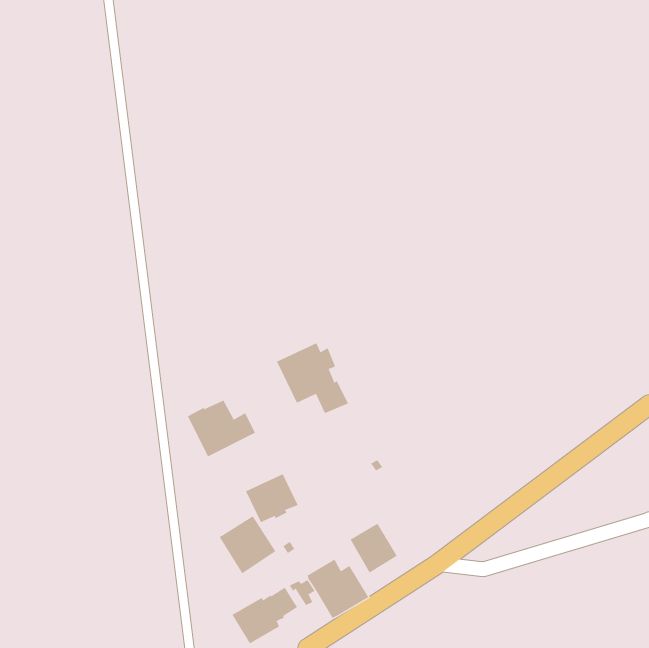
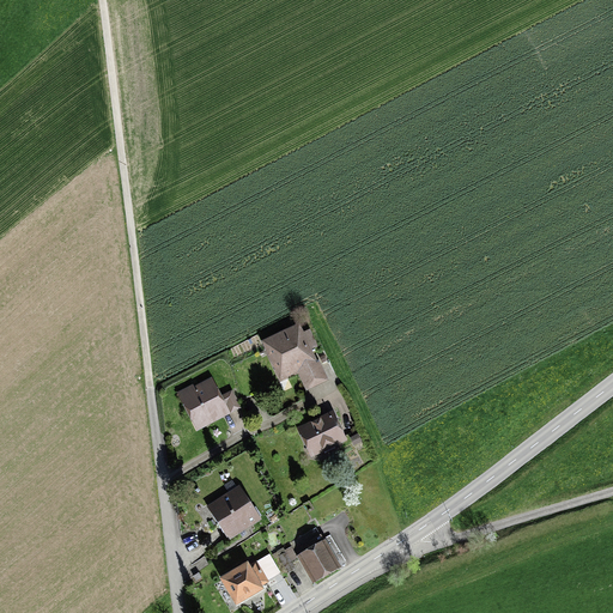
building: [245,473,299,523] -> [296,409,346,456]
building: [350,523,397,573] -> none

